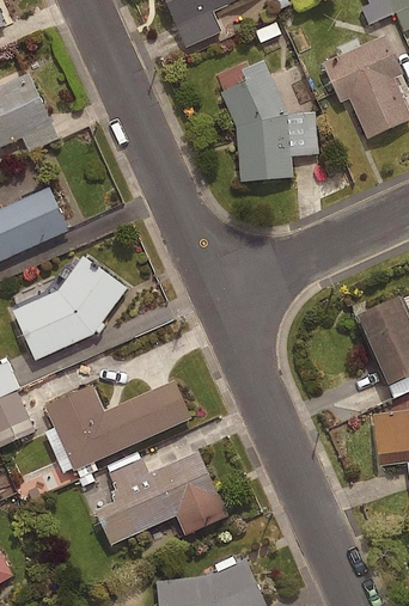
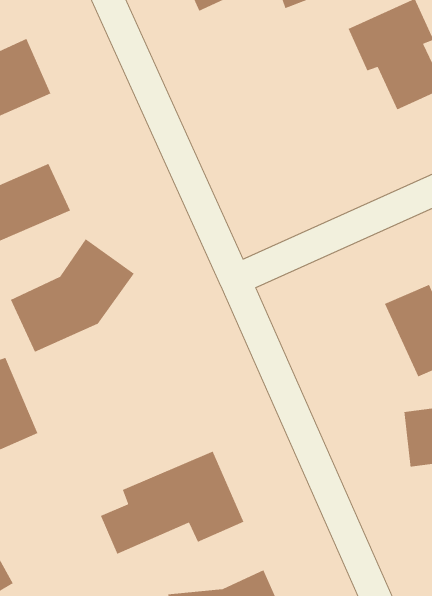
building: [220,71,319,182] -> none
building: [44,379,191,470] -> none

